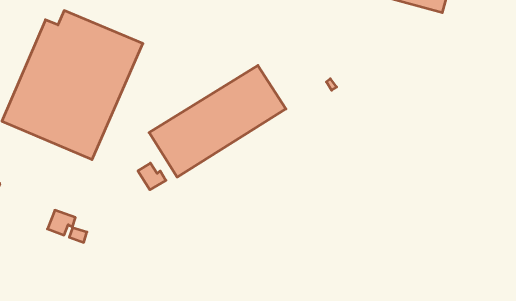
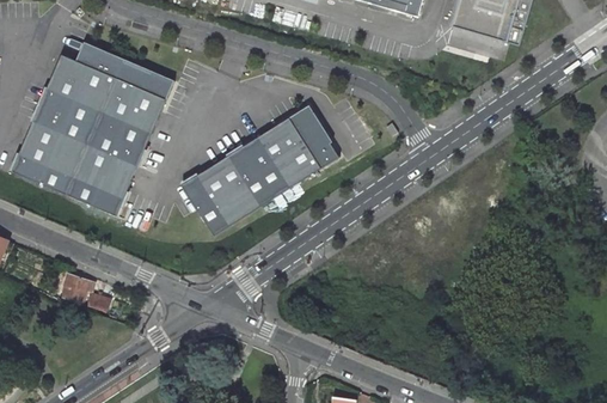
building: [138,163,166,190] -> none

